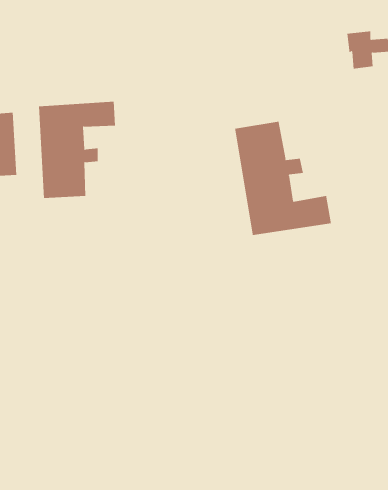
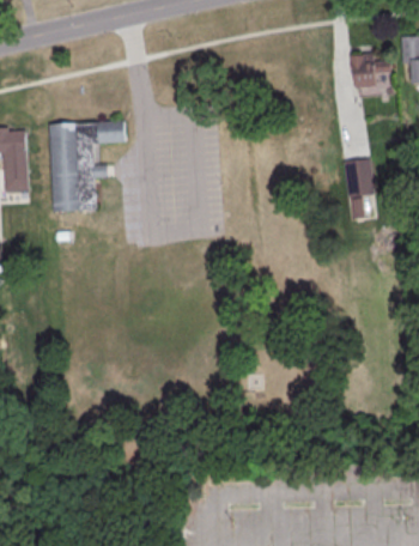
building: [235,121,331,236] -> none
building: none -> [342,159,375,199]

